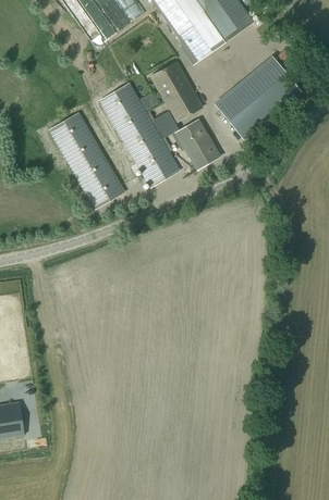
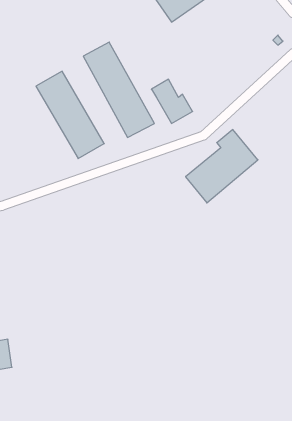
building: [220,57,298,136] -> [186,130,258,203]
building: [150,61,202,120] -> none

